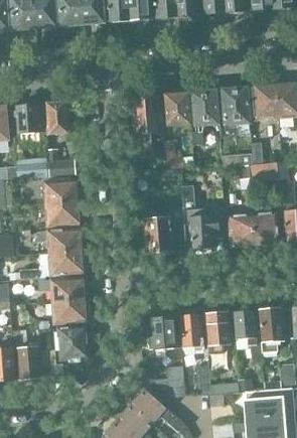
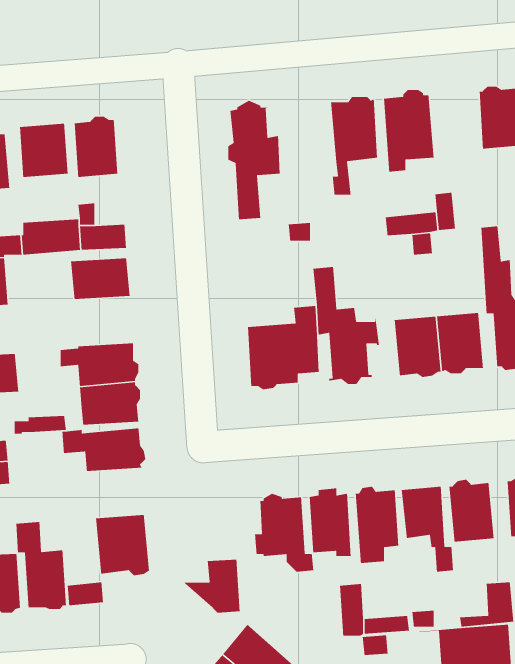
building: [252,83,277,119] -> none
building: [163,89,190,133] -> none
building: [44,201,80,227] -> none
building: [51,299,87,323] -> none
building: [151,366,184,397] -> [182,559,241,614]

